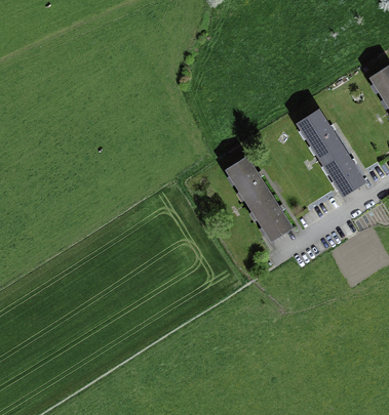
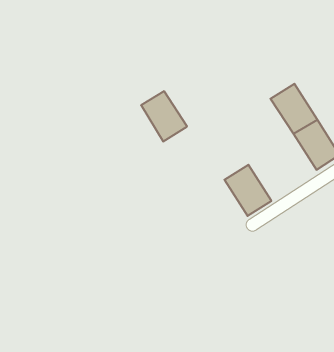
building: [225,156,272,207] -> [141,91,187,141]

